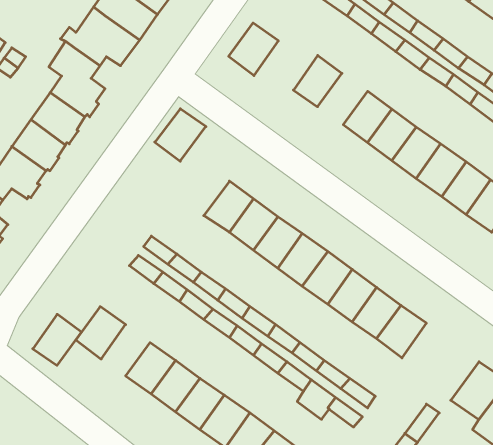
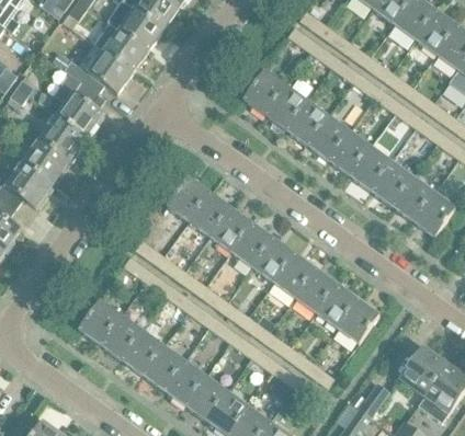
building: [229,23,278,76] -> [242,69,285,114]
building: none -> [285,100,328,144]
building: [155,109,206,161] -> [166,176,209,221]
building: [33,314,81,365] -> [100,314,141,358]

